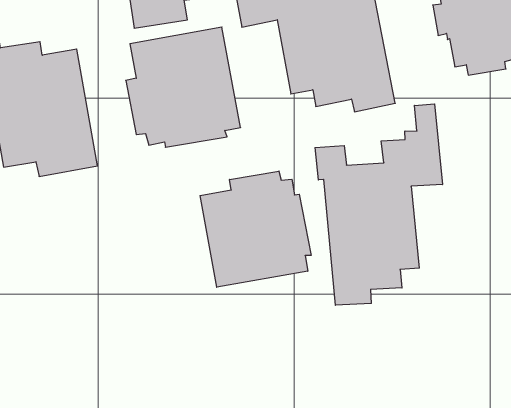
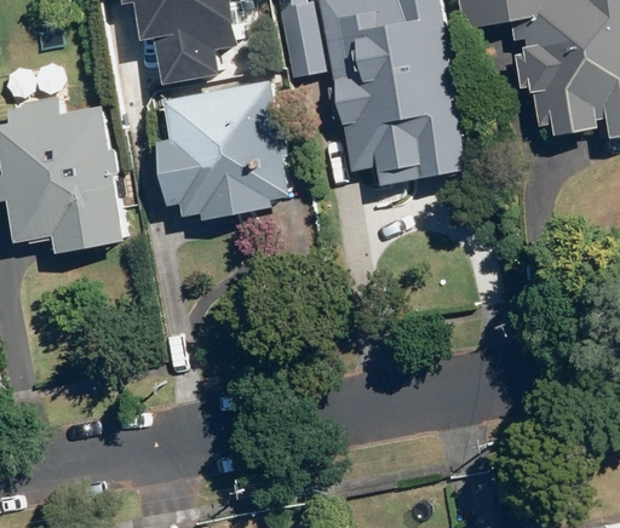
building: [315,104,442,305] -> none
building: [200,171,311,287] -> none

